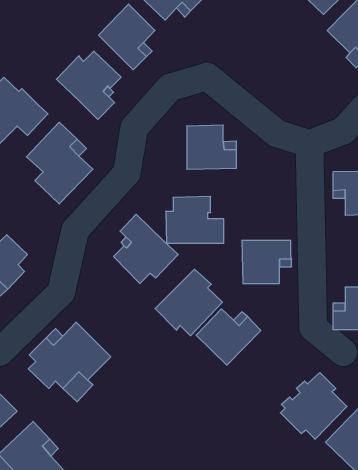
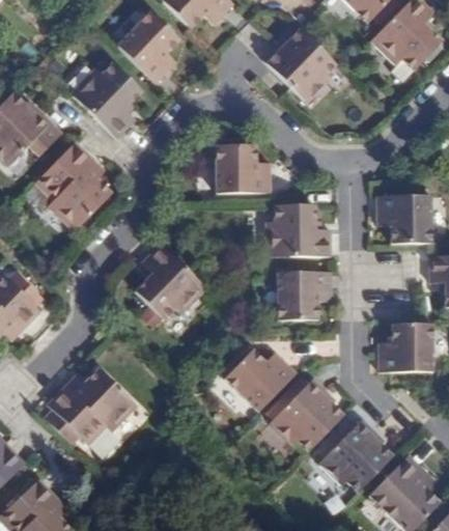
building: none -> [262,28,336,103]
building: [166,196,224,243] -> [266,204,331,256]
building: [155,269,222,336] -> [273,374,347,448]

